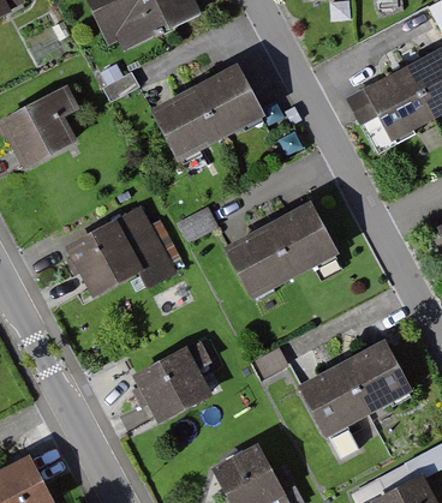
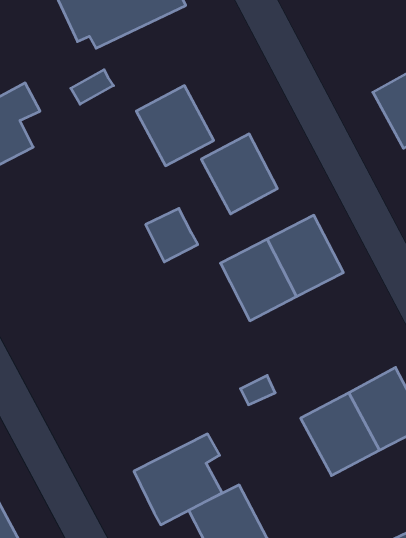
building: [199,64,268,136] -> [201,134,277,214]
building: [50,204,168,298] -> none
building: [124,341,203,423] -> [134,434,222,525]

